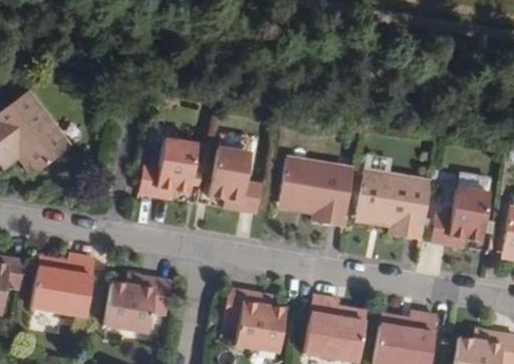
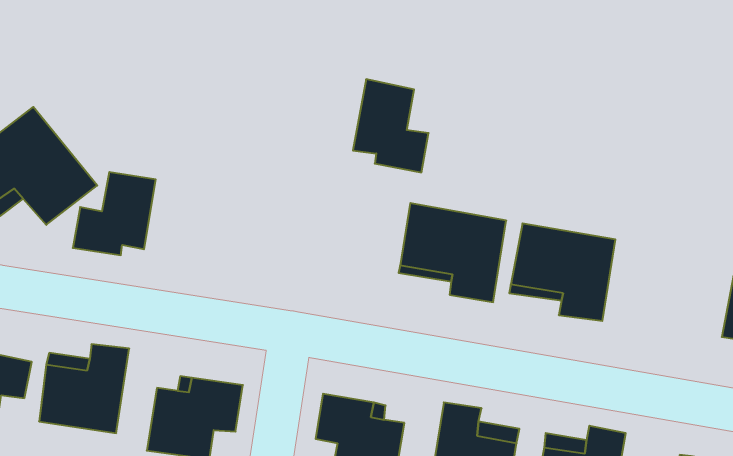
building: [140,139,197,197] -> [73,172,156,255]
building: [210,147,262,212] -> [353,79,429,172]
building: [432,174,489,247] -> none

